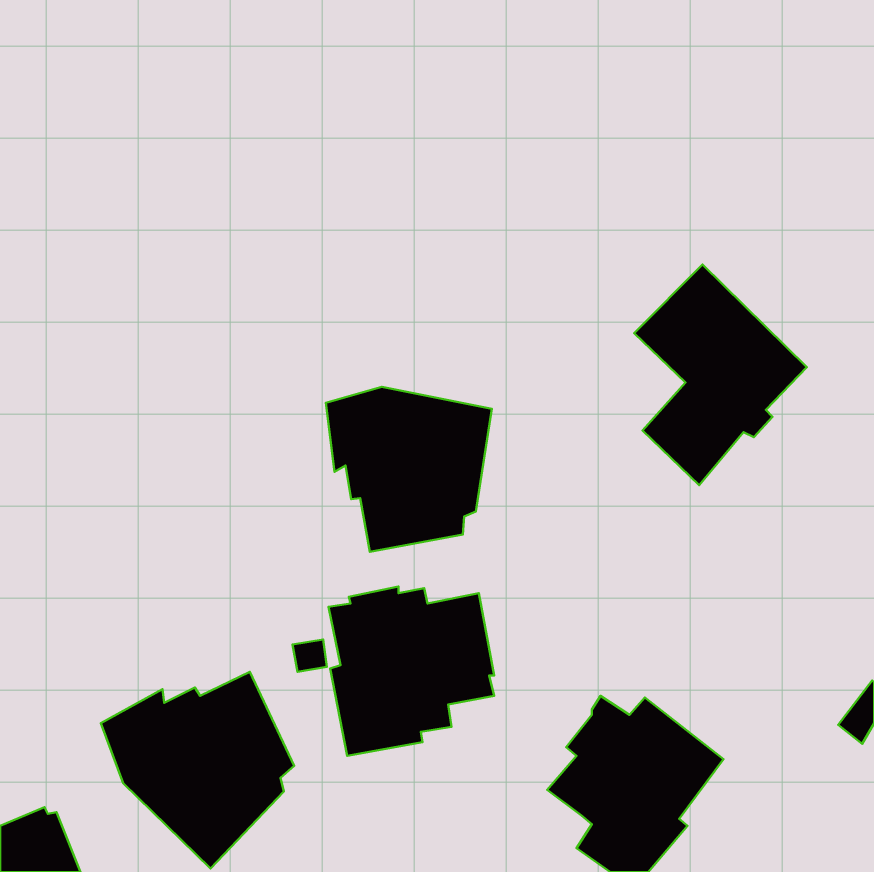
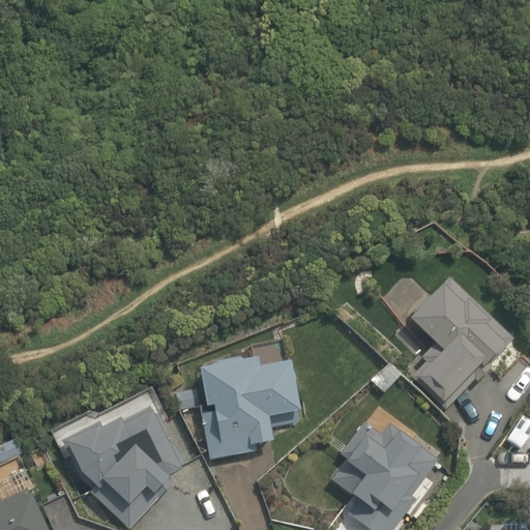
building: [634,265,807,485] -> [409,276,513,410]
building: [326,387,492,552] -> none

